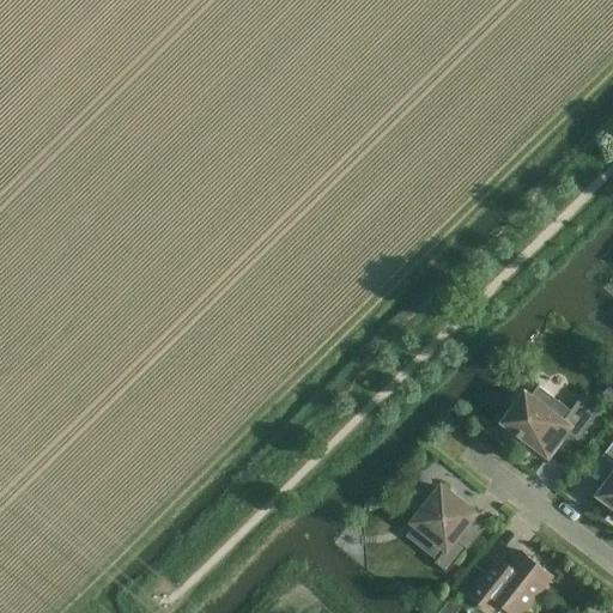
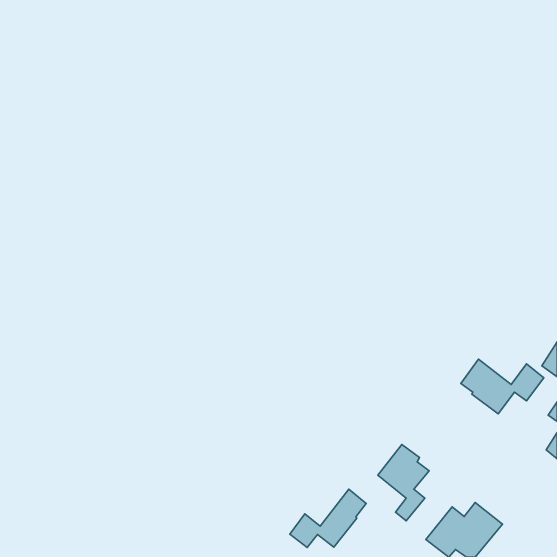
building: none -> [290,489,366,548]

